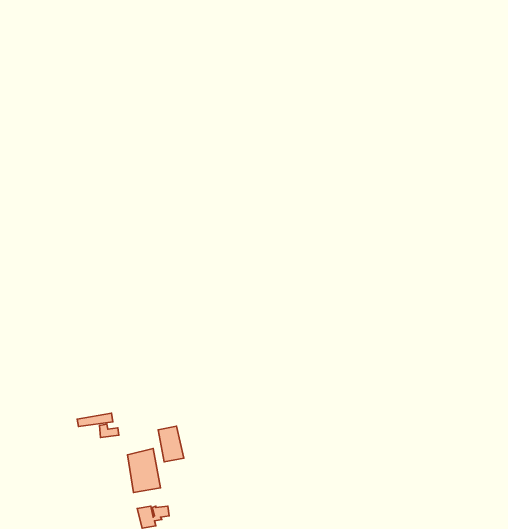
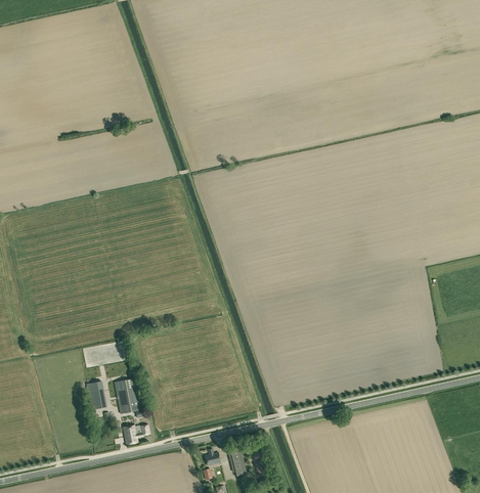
building: [158,426,184,462] -> [85,380,106,410]

